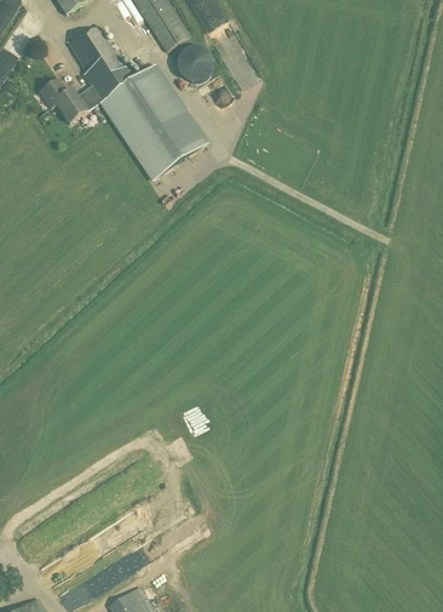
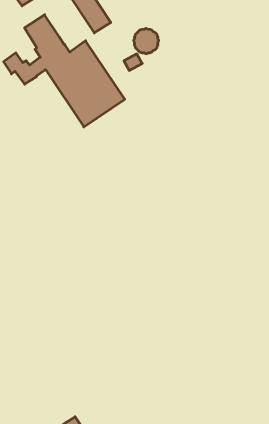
building: [176,47,211,82] -> [134,28,159,54]

